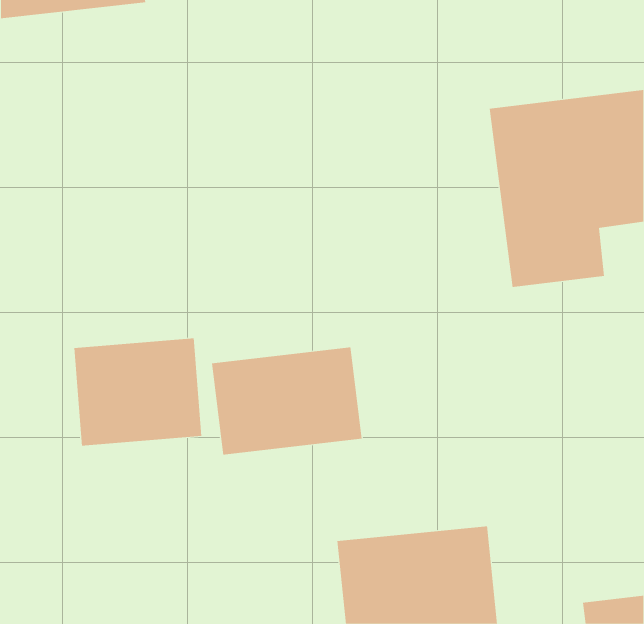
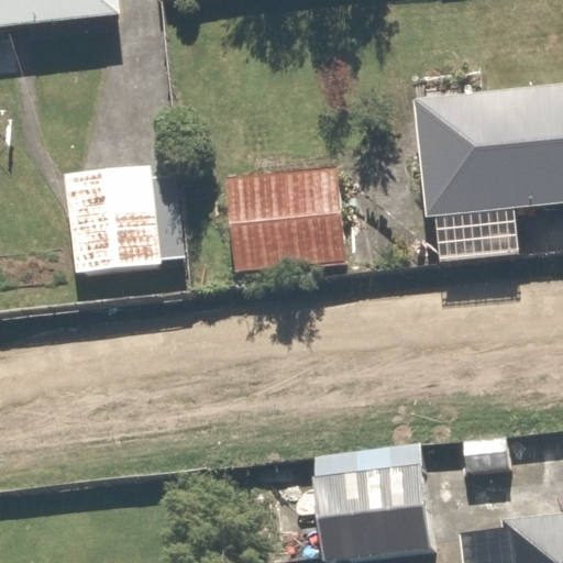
building: [73,338,202,446] -> [56,191,168,286]
building: [211,347,362,455] -> [225,180,357,275]

